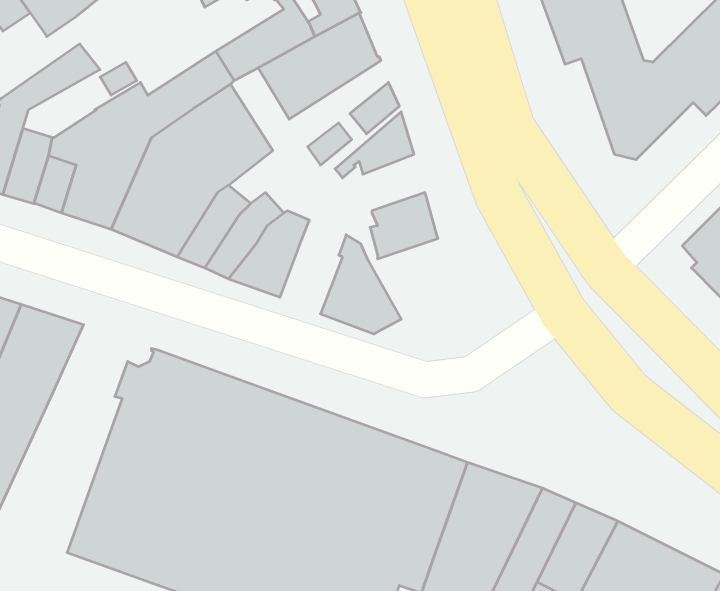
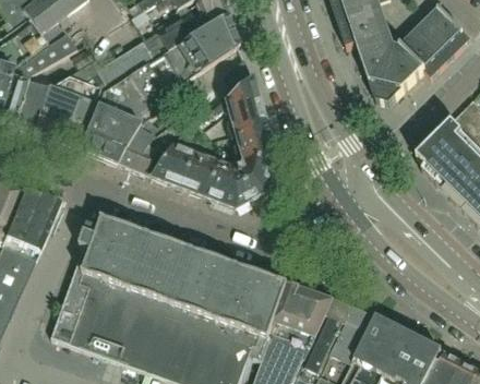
building: none -> [226,100,265,136]
building: none -> [179,151,216,195]
building: none -> [231,151,275,199]

